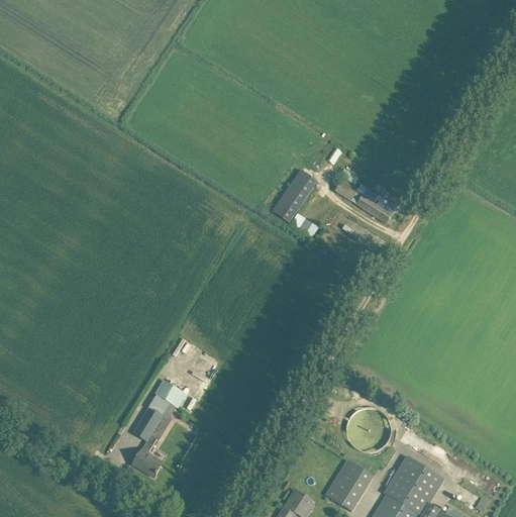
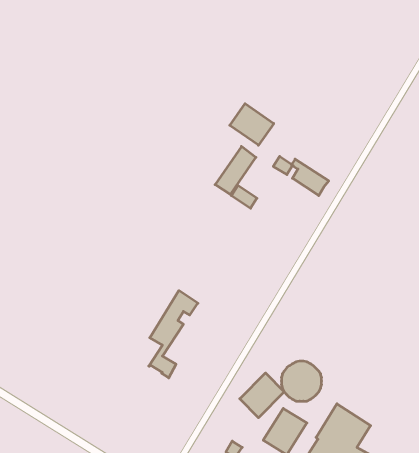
building: none -> [230,104,274,145]
building: [131,381,186,478] -> [149,291,198,378]
building: none -> [240,373,284,418]

